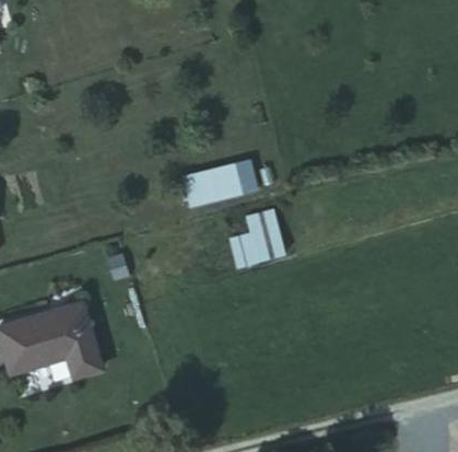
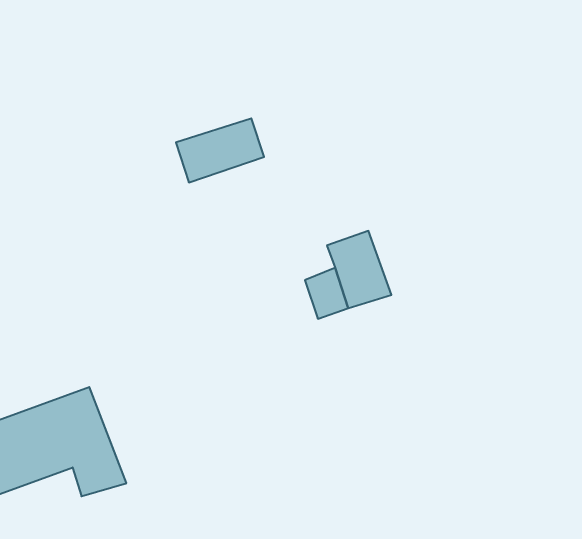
building: [185,167,243,207] -> [176,118,264,182]

